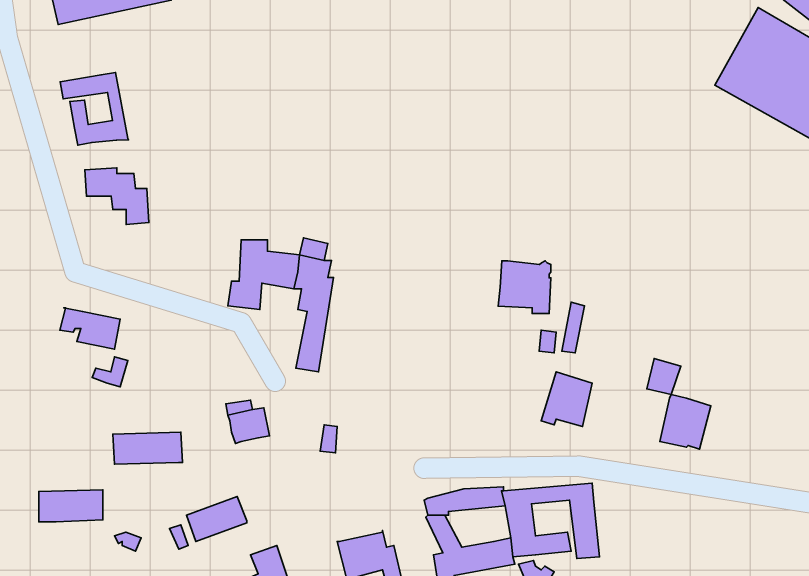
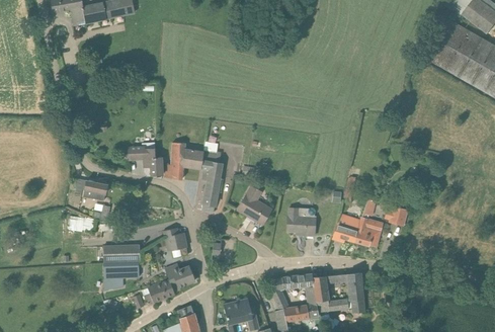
building: [60,72,128,145] -> none
building: [85,168,149,225] -> [129,146,163,176]
building: [498,261,551,314] -> [287,208,316,236]
building: none -> [238,185,272,225]
building: [660,394,711,449] -> [355,218,383,247]
building: none -> [165,266,195,294]
building: [39,490,103,522] -> [104,262,139,279]

